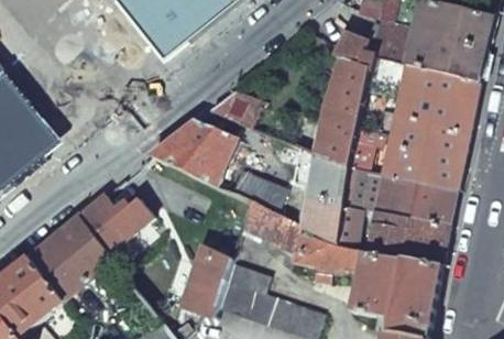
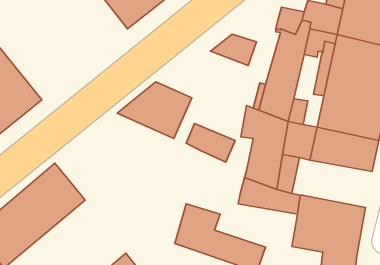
building: [206,90,260,127] -> [210,34,257,65]
building: [77,193,151,251] -> none
building: [240,199,300,251] -> none
building: [365,210,447,265] -> none
building: [180,243,232,317] -> none

